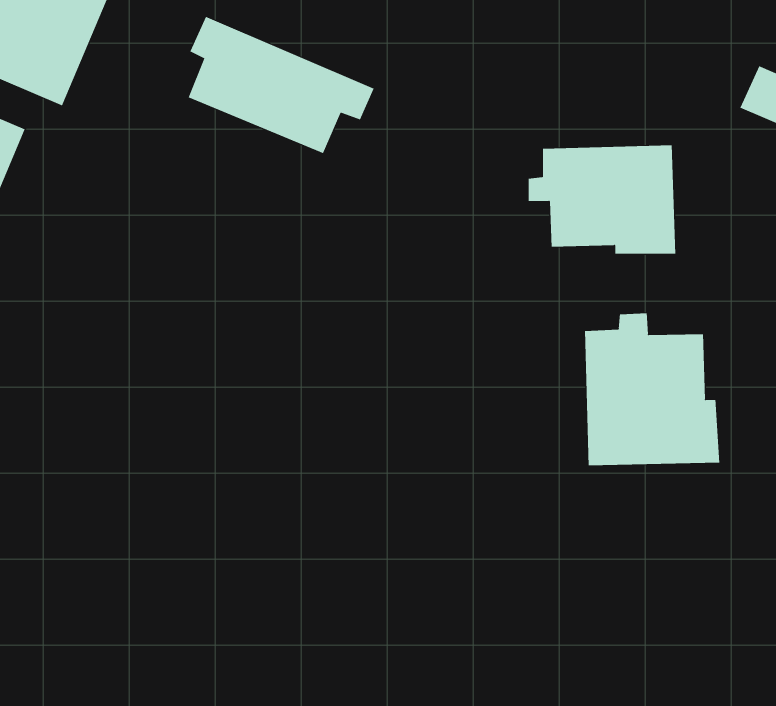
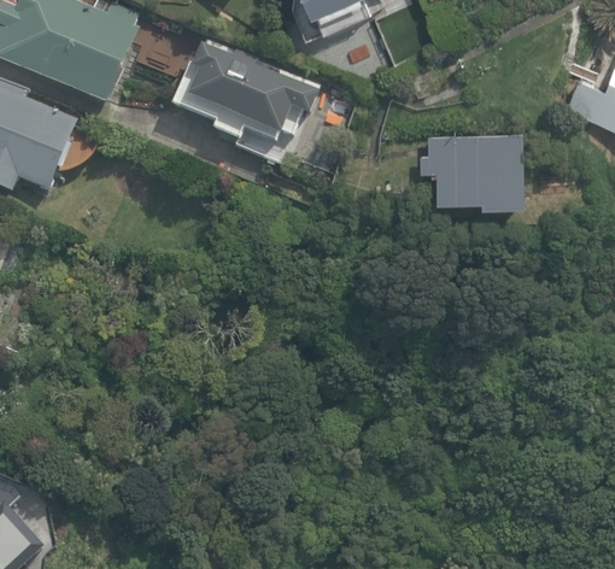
building: [584,313,720,466] -> none

